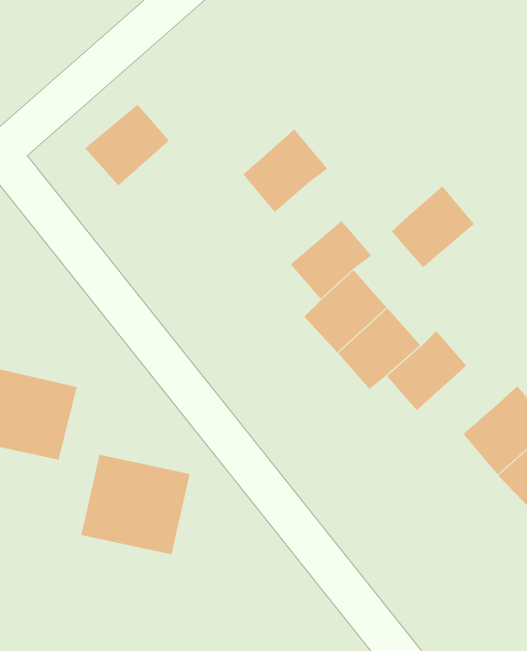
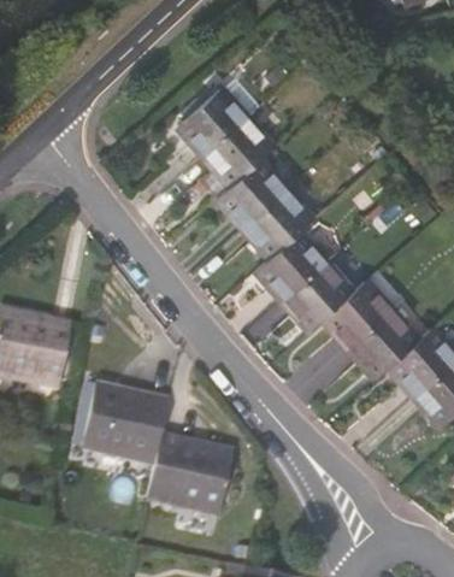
building: [84,104,170,186] -> [189,98,257,163]
building: [391,186,475,268] -> [228,169,294,234]
building: none -> [353,313,418,377]
building: none -> [152,436,238,513]

